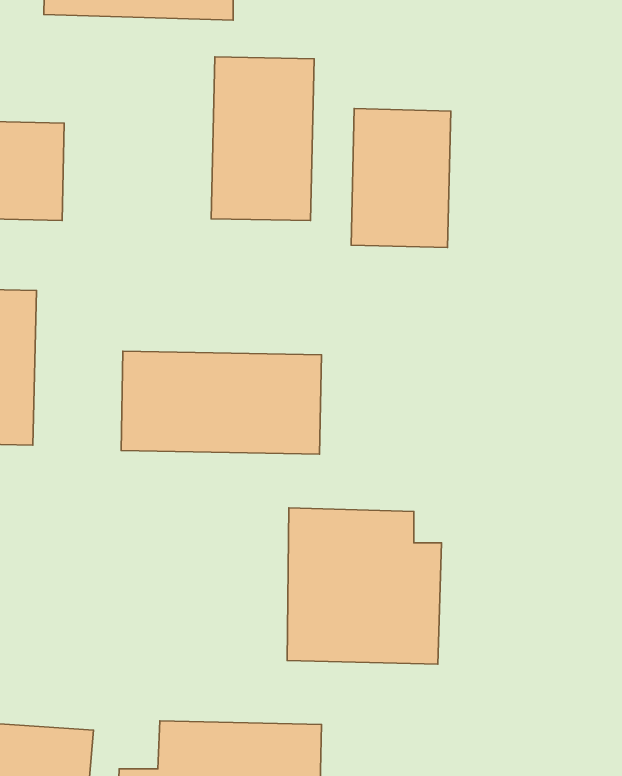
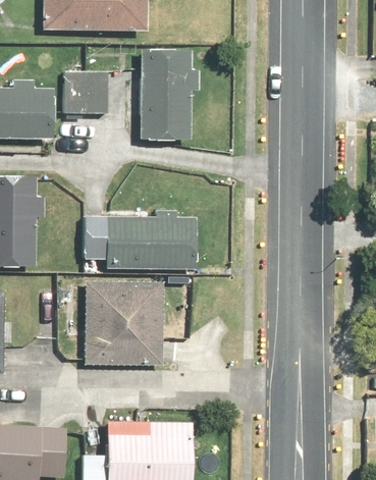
building: none -> [65,66,110,114]
building: [351,109,451,248] -> none
building: [287,508,442,664] -> [82,280,167,367]

